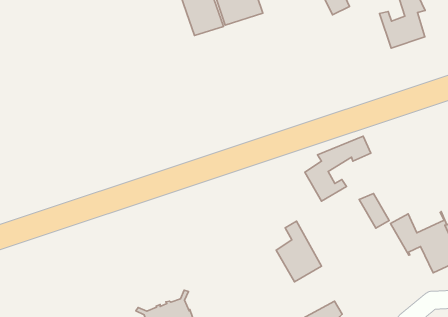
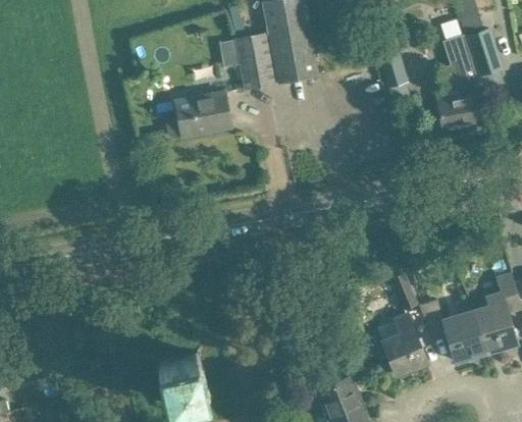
building: none -> [166,93,230,139]
building: [305,136,371,201] -> none
building: [276,221,322,282] -> [382,315,426,376]

